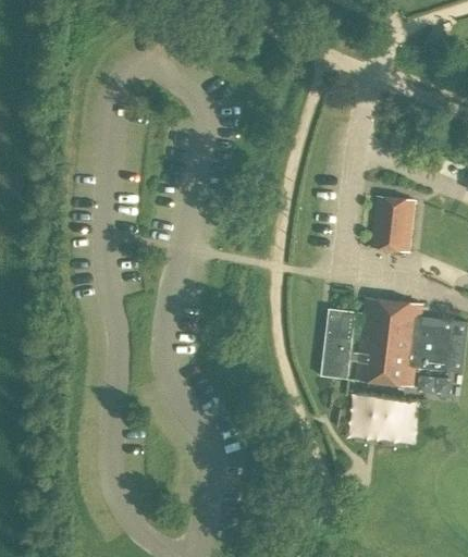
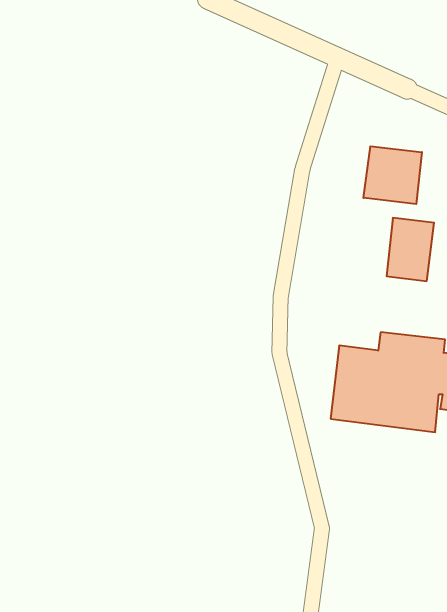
building: none -> [363,146,422,204]

